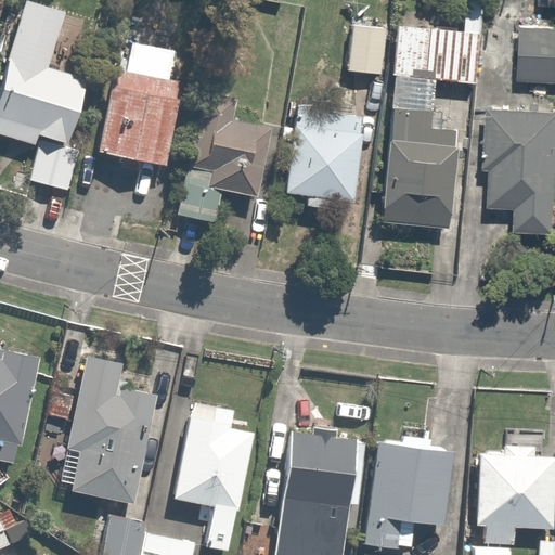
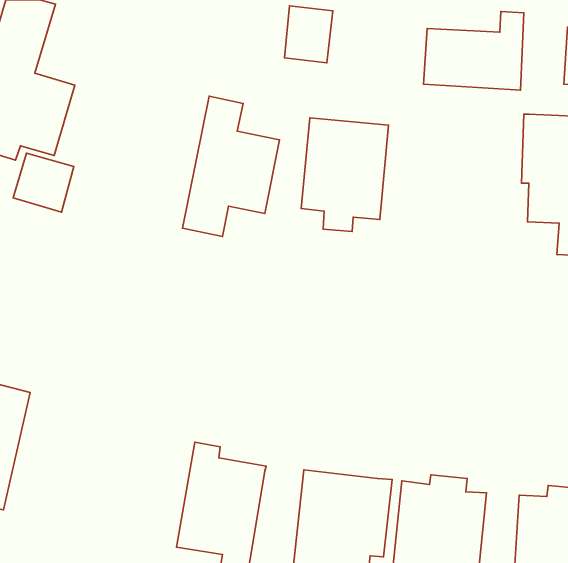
building: [348,28,391,79] -> [285,6,333,63]
building: [96,41,184,175] -> none
building: [380,111,454,235] -> none
building: [60,351,157,502] -> none

